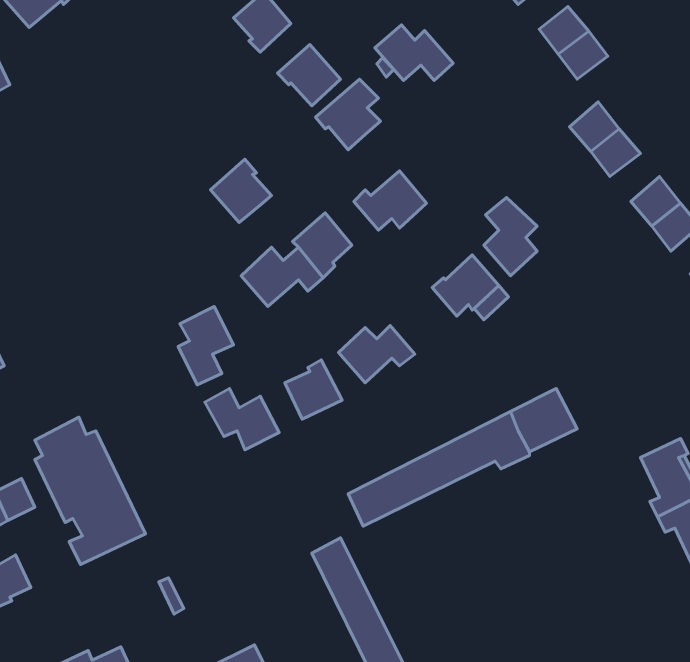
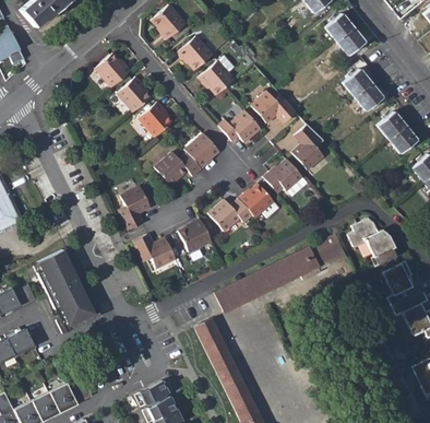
building: [375,25,453,80] -> [251,90,296,121]
building: none -> [94,54,131,89]
building: none -> [116,78,151,114]
building: none -> [240,183,275,216]
building: none -> [349,219,397,266]

